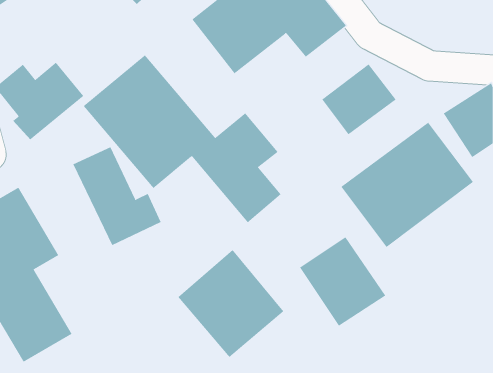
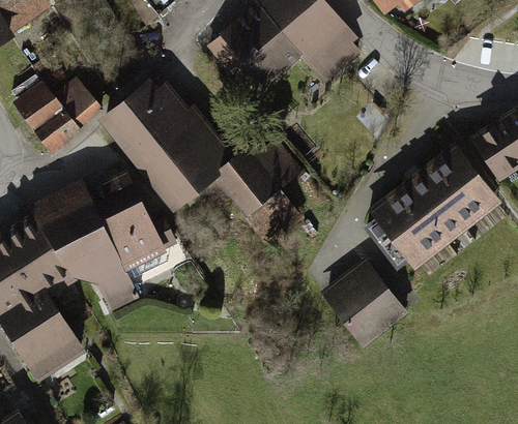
building: [321,64,397,135] -> none
building: none -> [31,178,144,313]
building: [177,249,284,358] -> none

